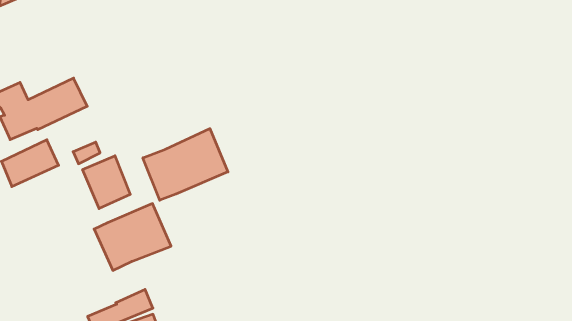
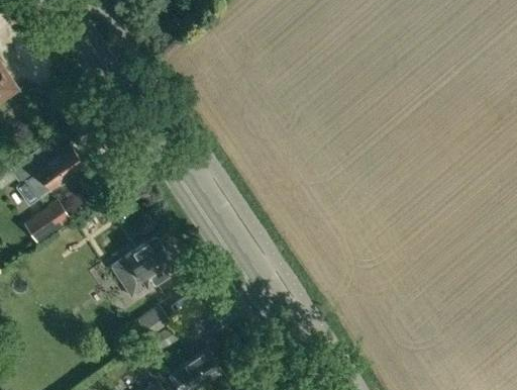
building: [143,129,228,200] -> none
building: [83,156,130,209] -> none

